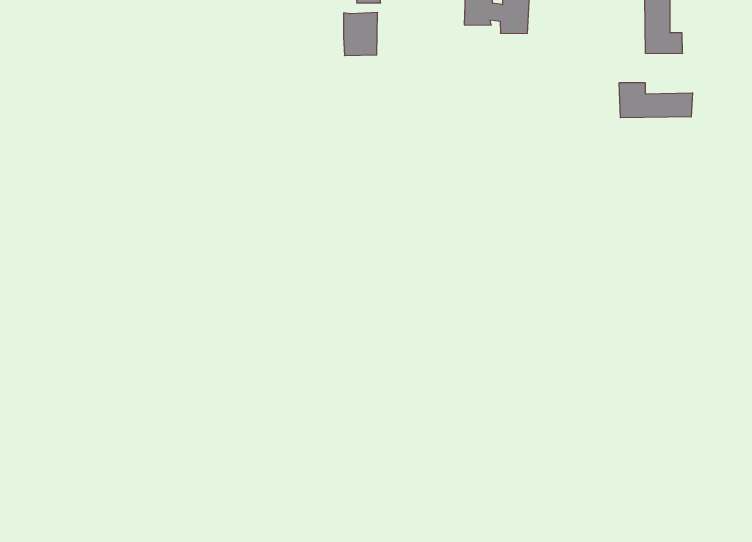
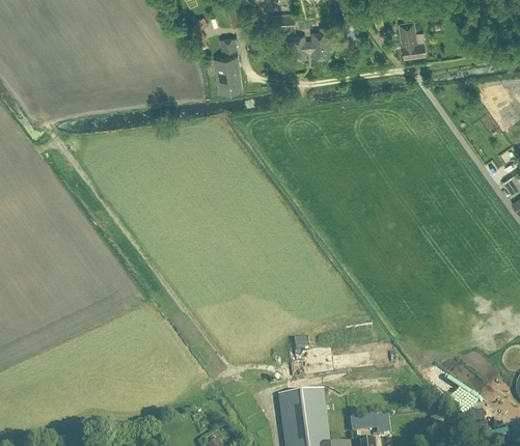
building: [619,83,692,118] -> none

